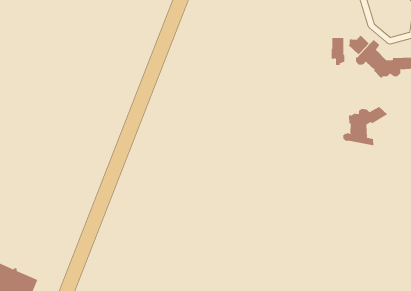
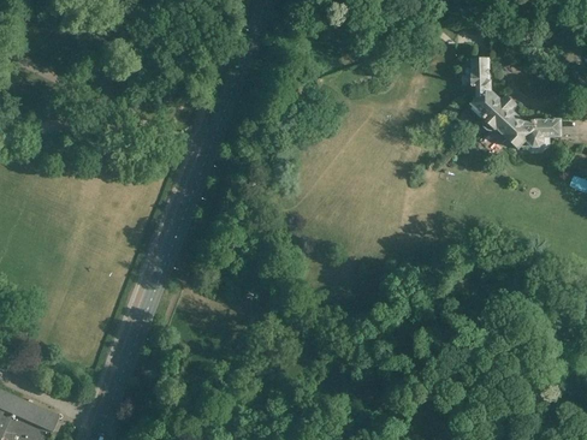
building: [331,37,345,65] -> [467,57,486,94]
building: [343,106,388,146] -> none

